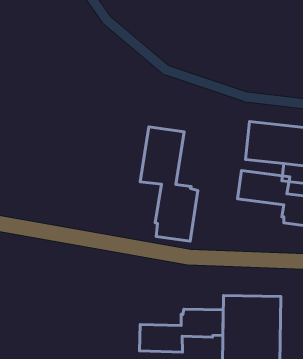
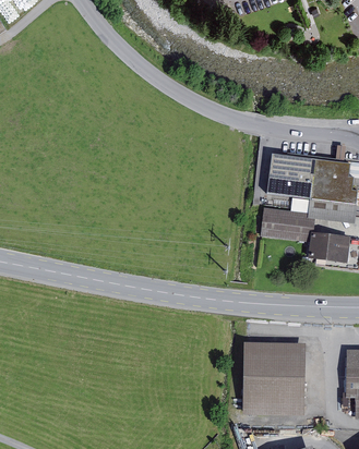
building: [140,127,198,241] -> none
building: [140,309,223,352] -> none

